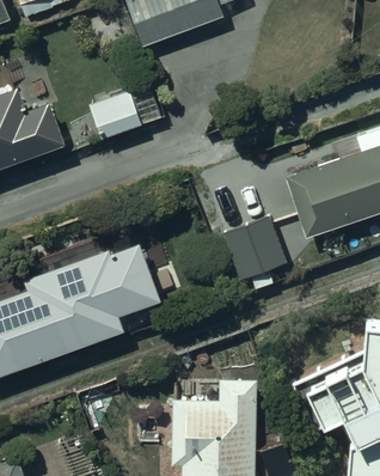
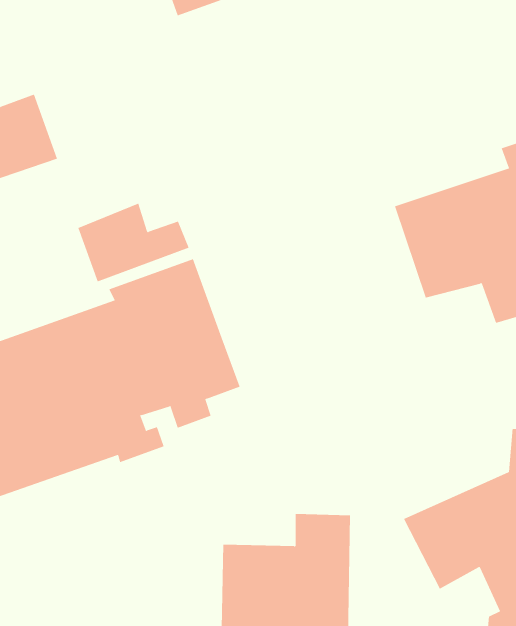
building: [87,87,161,140] -> [77,203,189,282]
building: [223,215,287,280] -> none

